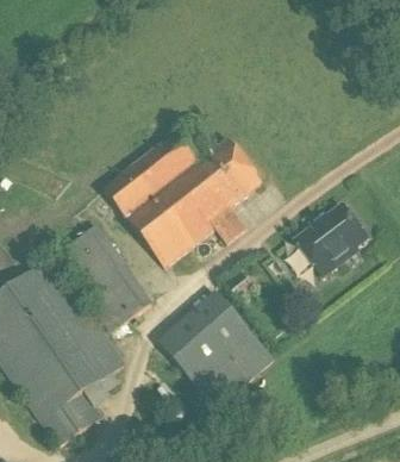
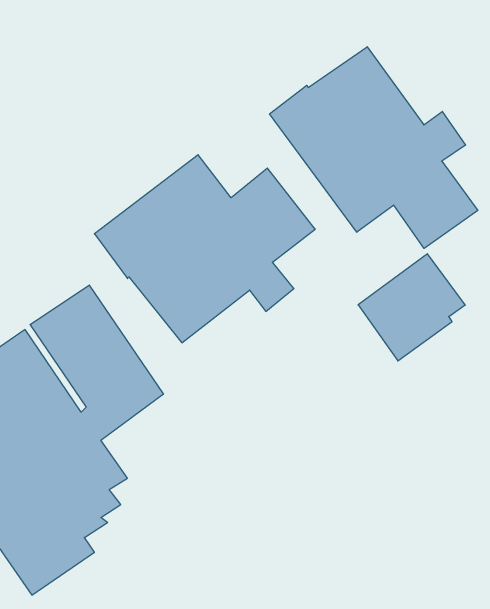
building: none -> [270,47,478,248]
building: [157,291,275,410] -> none

